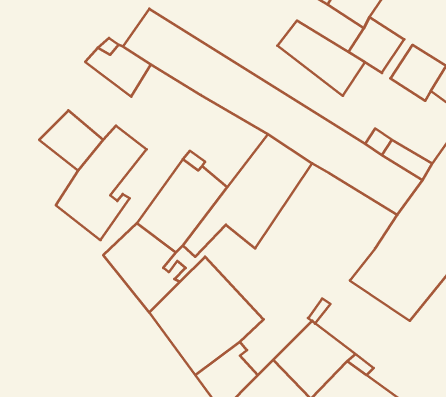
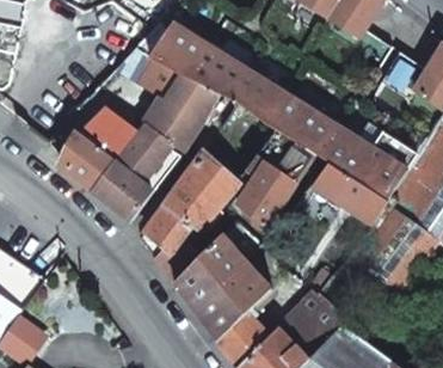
building: [277,21,365,96] -> [312,162,387,227]
building: none -> [146,69,219,151]
building: none -> [60,131,113,190]

